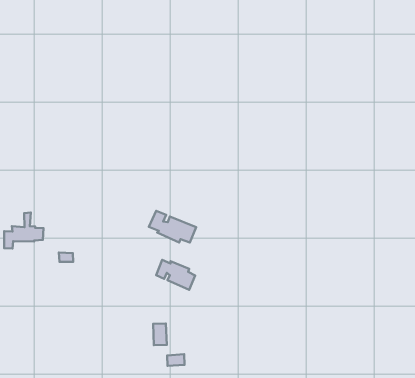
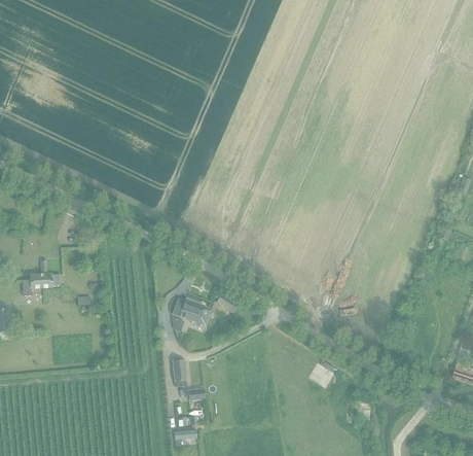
building: [149,211,196,243] -> none

